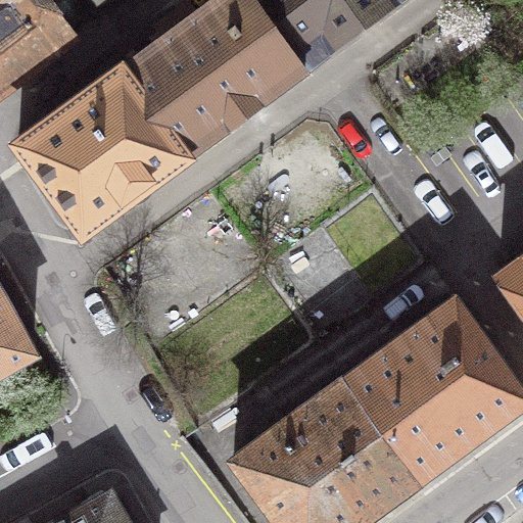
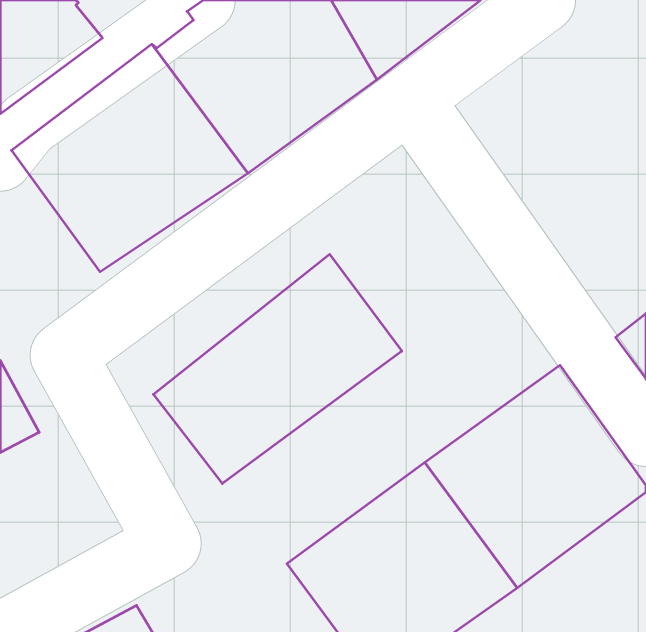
building: none -> [153,254,402,484]

